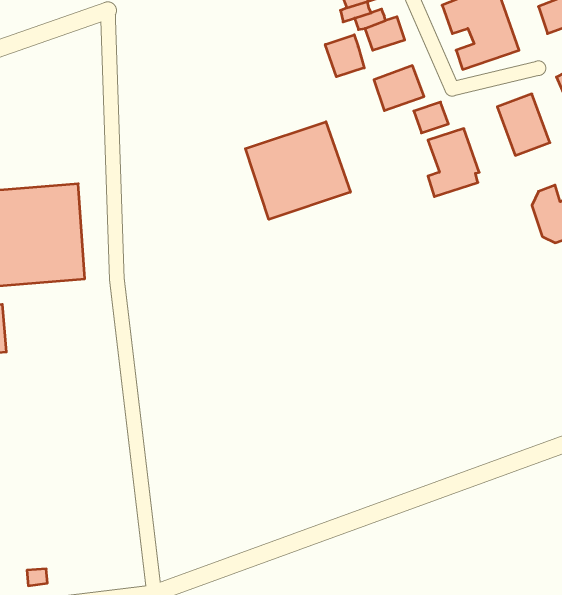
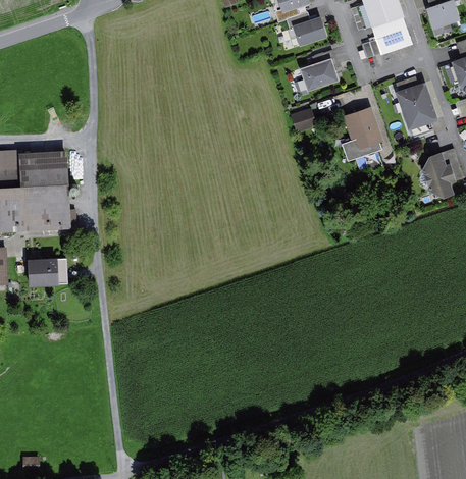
building: [325,35,364,77] -> none
building: [414,102,448,133] -> [289,109,316,134]
building: [245,122,350,219] -> none
building: none -> [28,259,62,286]

